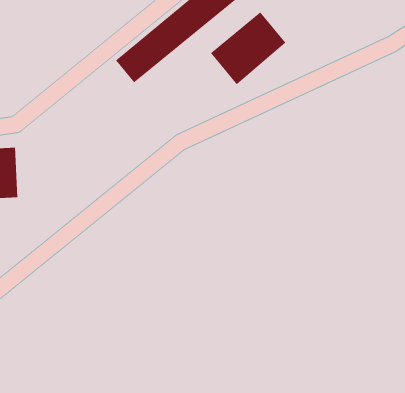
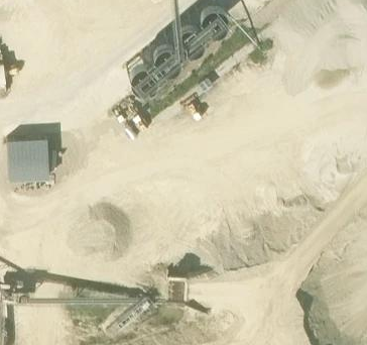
building: [210,12,286,85] -> none

